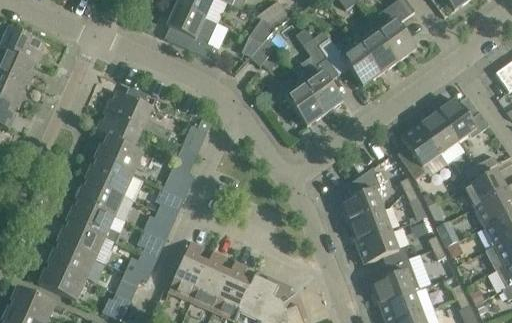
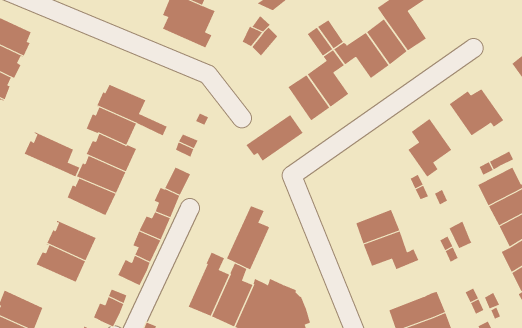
building: [419,110,458,153] -> none
building: none -> [245,114,303,163]
building: [341,166,383,222] -> none
building: [67,198,120,241] -> [24,132,80,177]
building: [168,240,209,301] -> [226,205,270,270]
building: [372,253,432,304] -> none
building: [39,261,86,300] -> none

